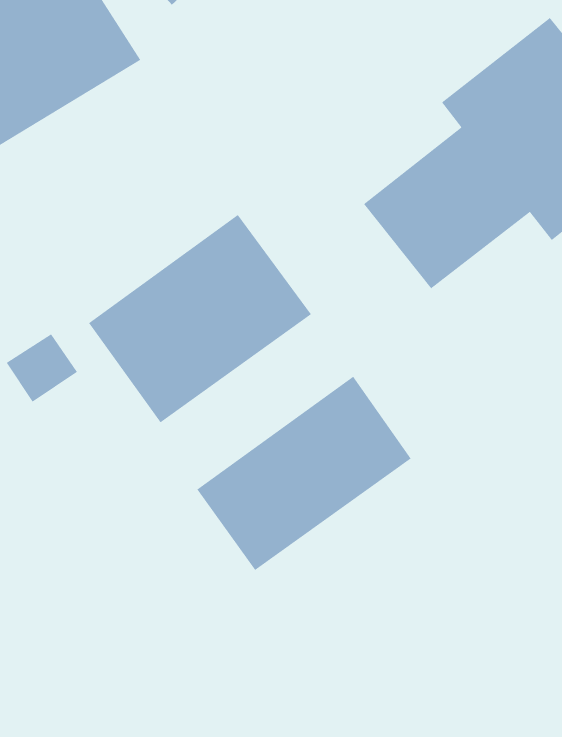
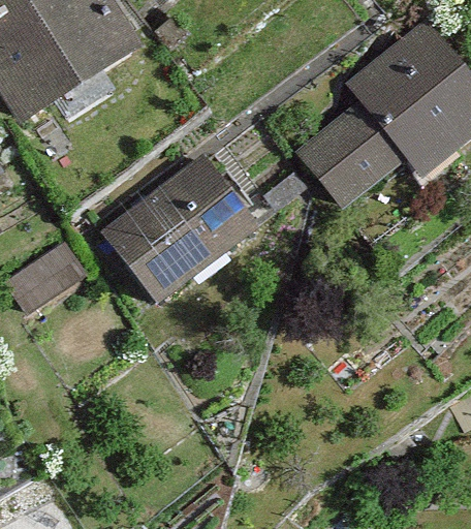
building: [196,376,412,571] -> none

